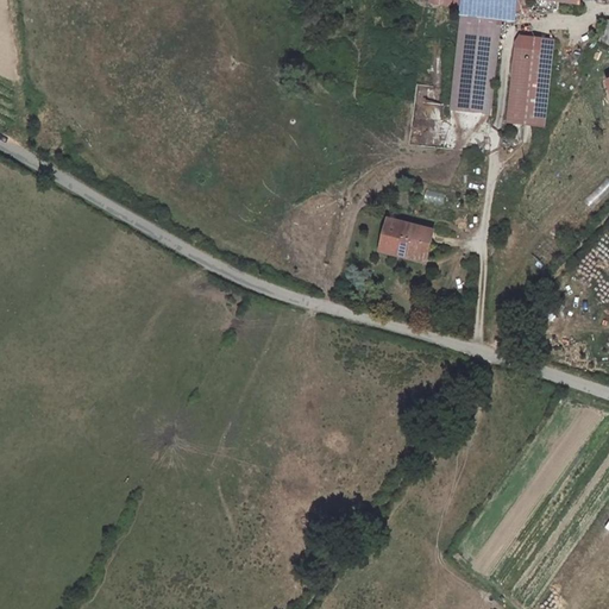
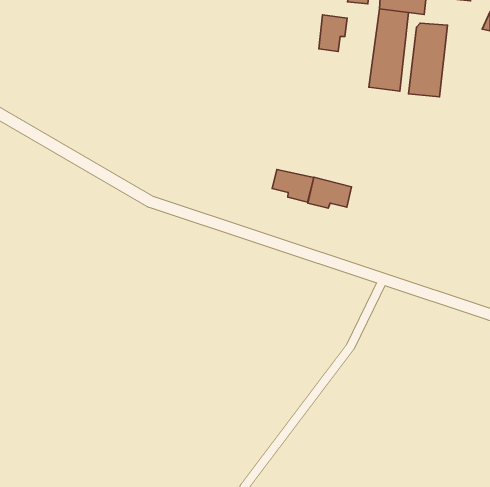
building: none -> [319,15,347,51]
building: none -> [272,169,314,202]

